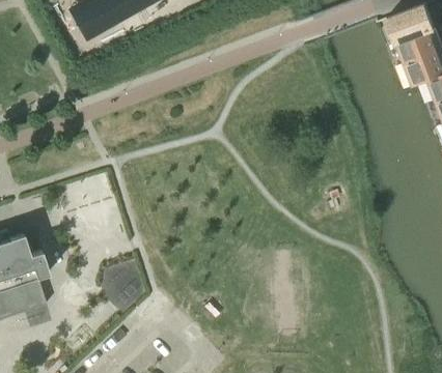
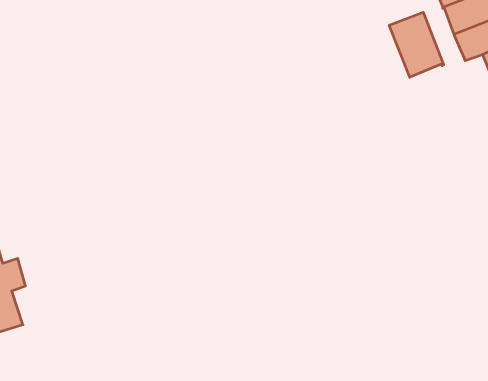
building: none -> [389,12,444,77]

